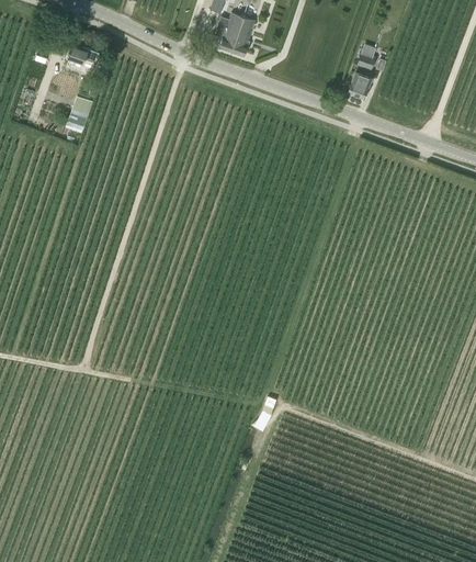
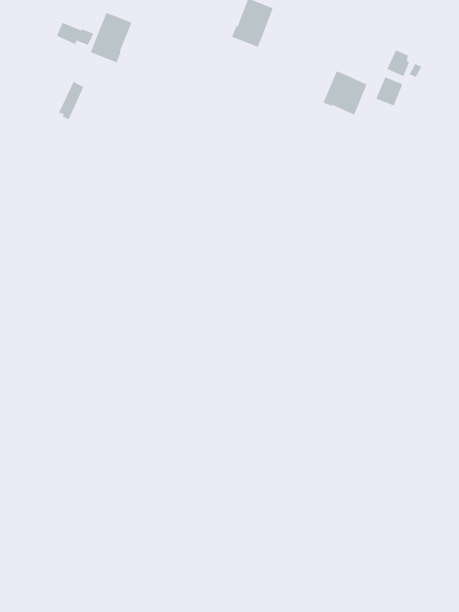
building: none -> [90,12,132,63]
building: none -> [323,71,367,115]

